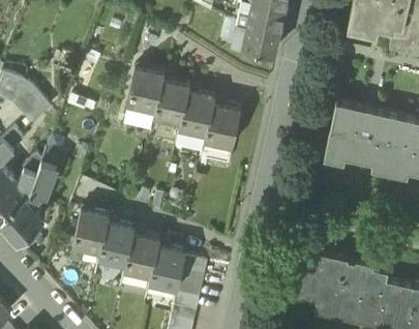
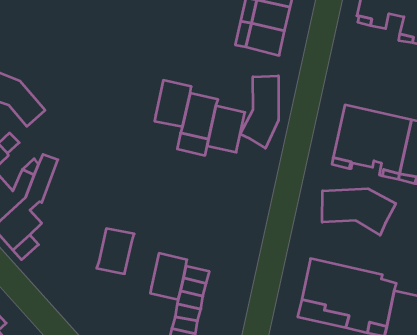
building: [127,68,163,114] -> none
building: none -> [240,76,278,148]
building: none -> [322,189,396,235]
building: [72,211,109,256] -> none
building: [124,235,159,279] -> none

